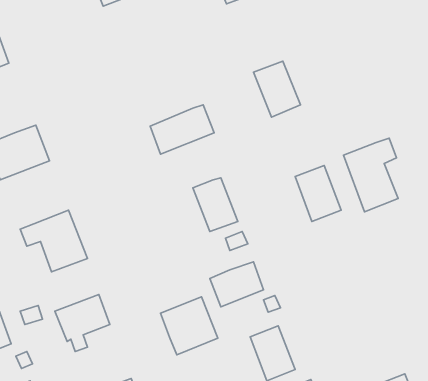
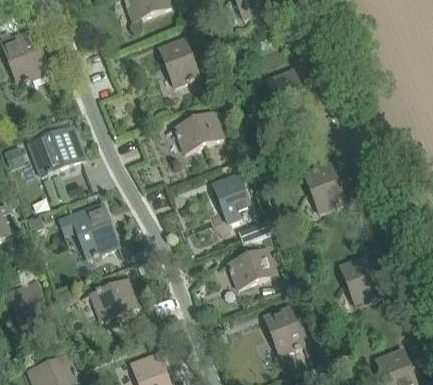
building: none -> [158,37,198,86]
building: [343,138,398,212] -> none
building: none -> [339,255,380,305]
building: [160,297,218,355] -> none

